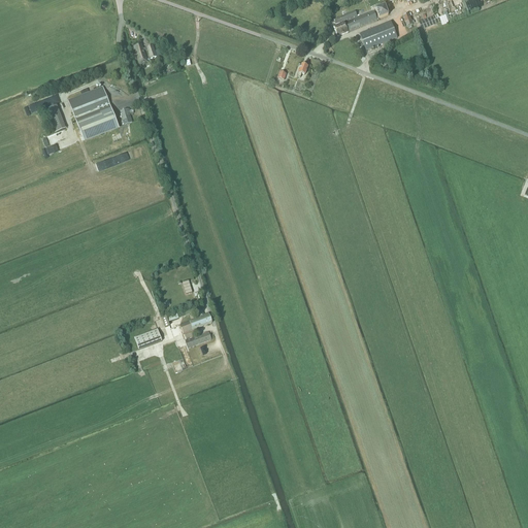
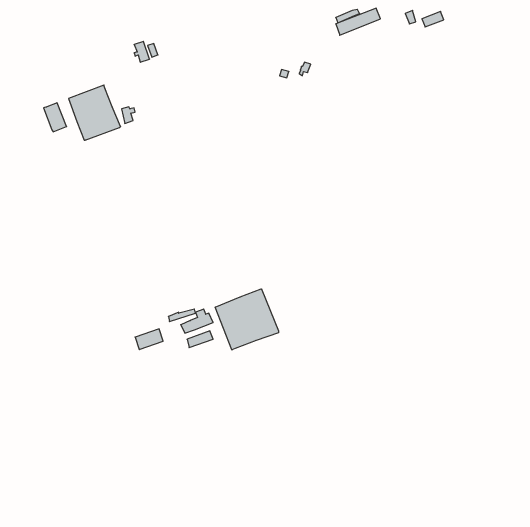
building: [360,19,398,48] -> none
building: none -> [215,289,279,350]

